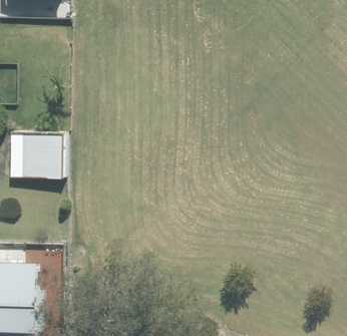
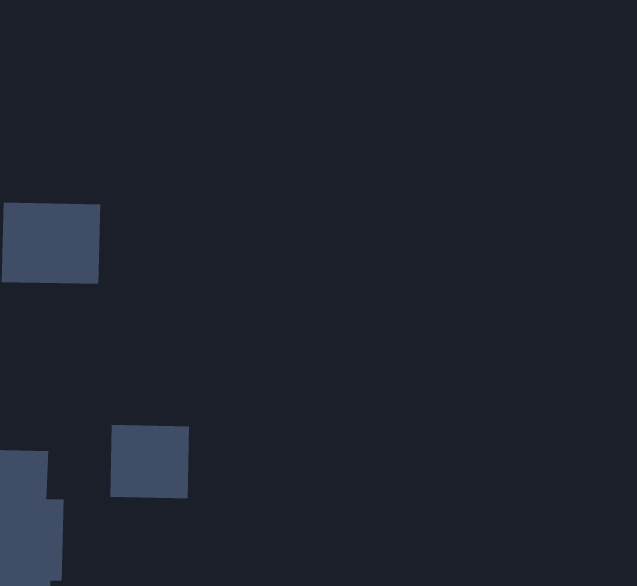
building: none -> [110,424,190,499]

